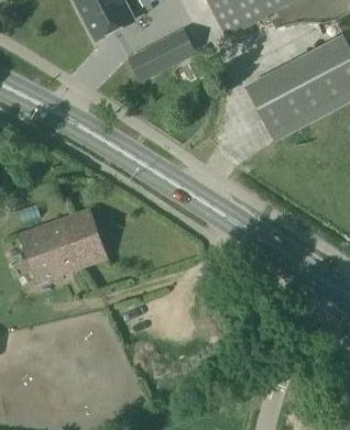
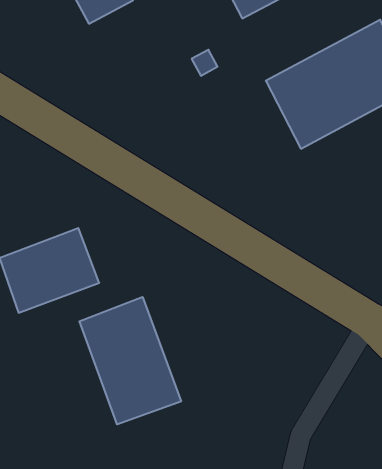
building: [129,31,195,82] -> none
building: none -> [79,297,181,424]

